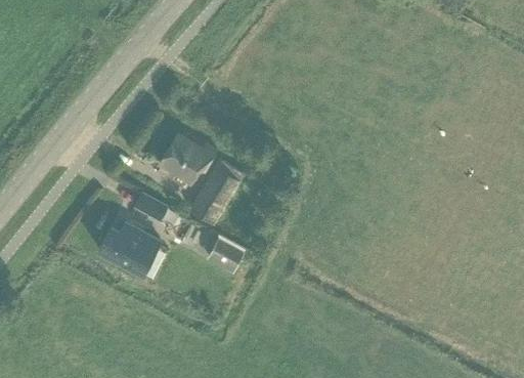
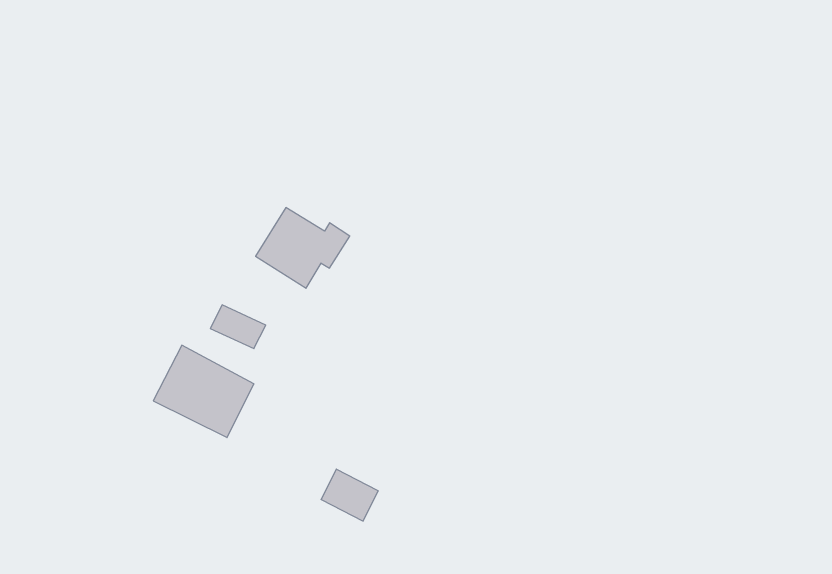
building: [188,168,239,225] -> none
building: [208,240,243,271] -> [321,469,378,521]

